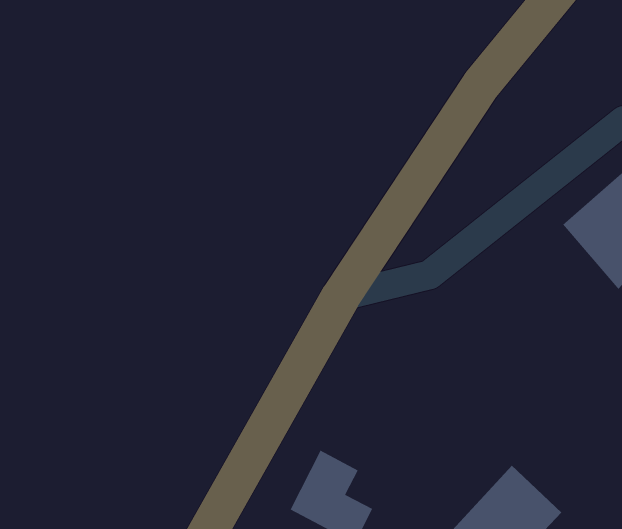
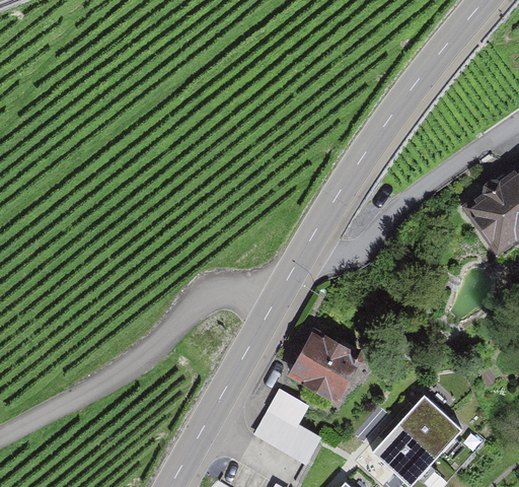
building: none -> [285,328,359,400]

